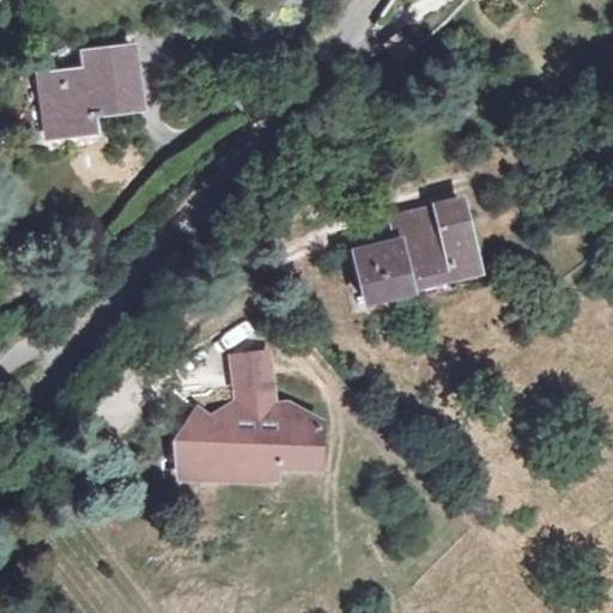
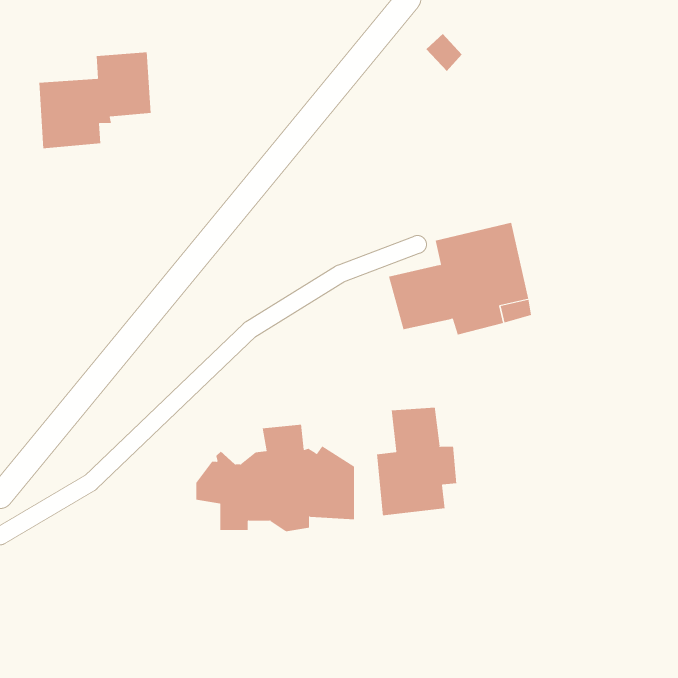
building: [233,352,273,386] -> none
building: none -> [376,407,457,516]

